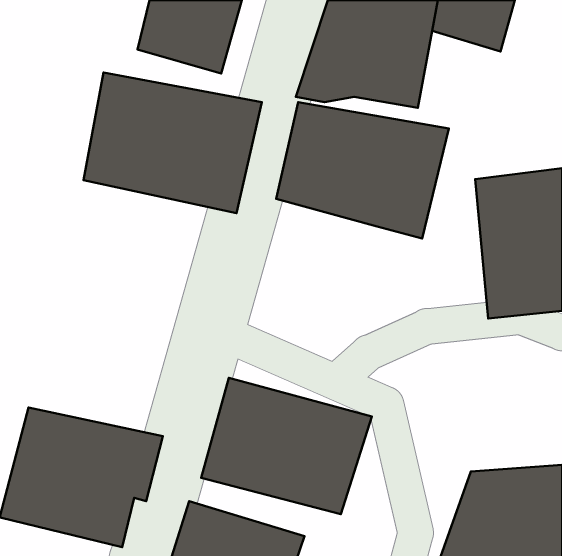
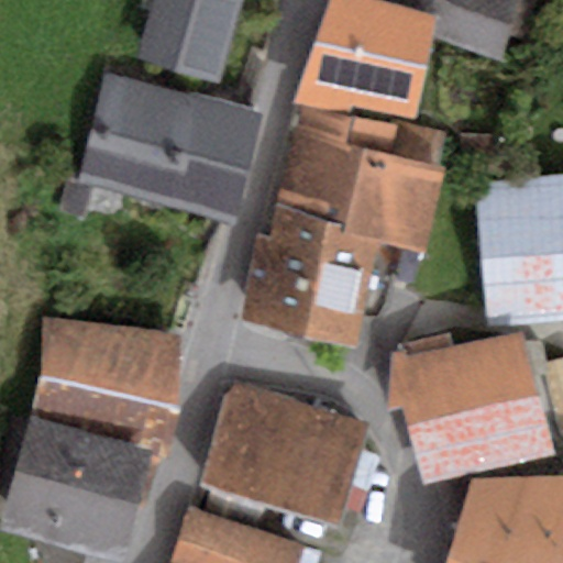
building: none -> [241,205,377,342]
building: none -> [29,321,183,444]
building: none -> [388,327,554,483]

